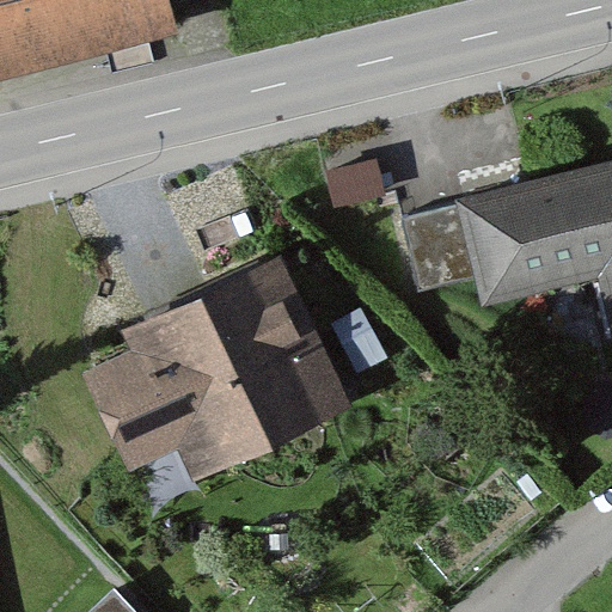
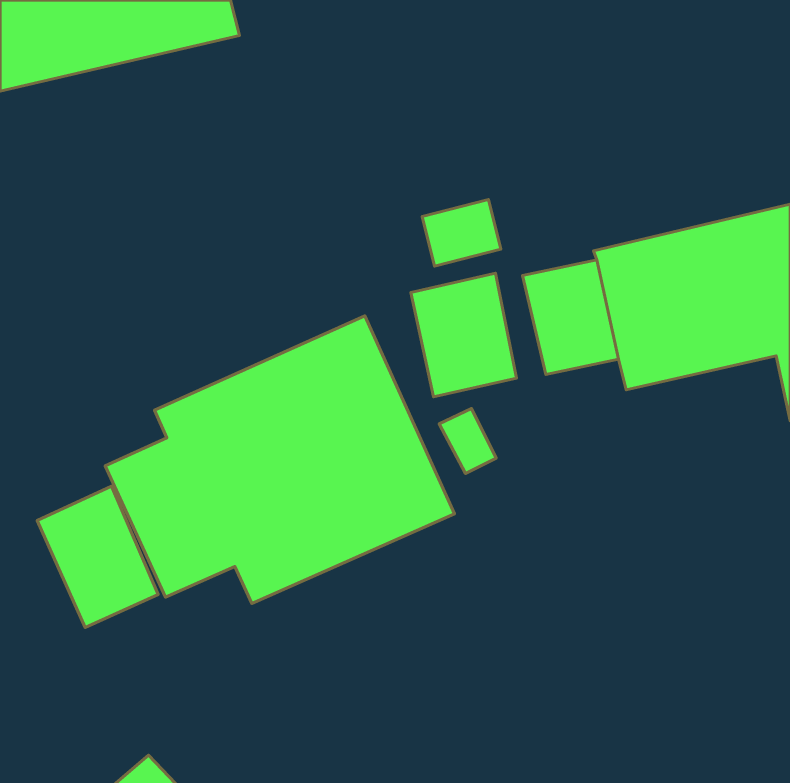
building: none -> [411,273,517,397]
building: none -> [37,486,158,628]

